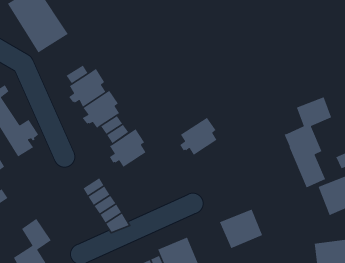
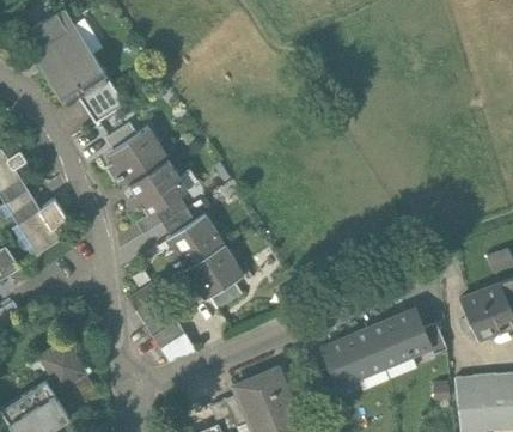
building: none -> [80,83,126,126]
building: [284,96,333,189] -> none
building: [179,117,221,156] -> [185,247,244,302]
building: none -> [368,310,429,367]

